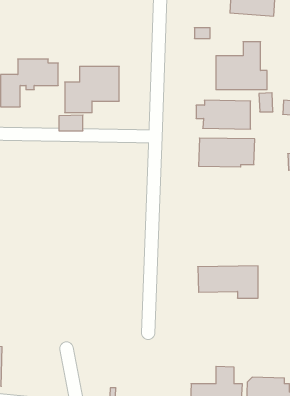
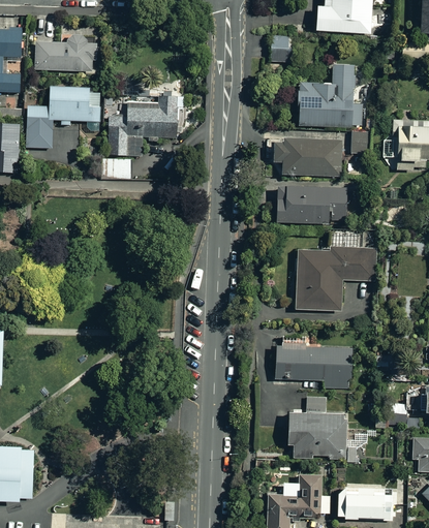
building: none -> [36,41,95,70]
building: none -> [295,248,376,311]
building: none -> [287,396,368,459]

